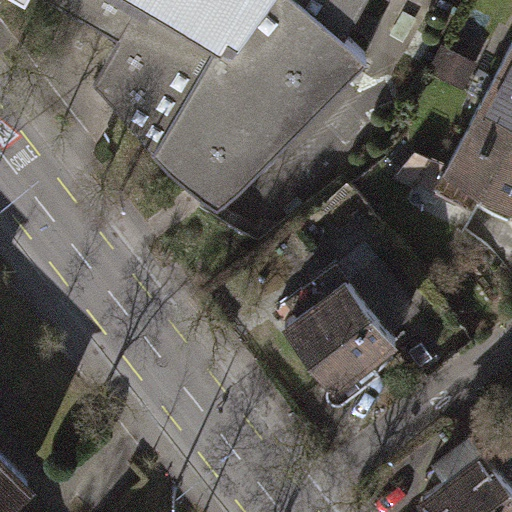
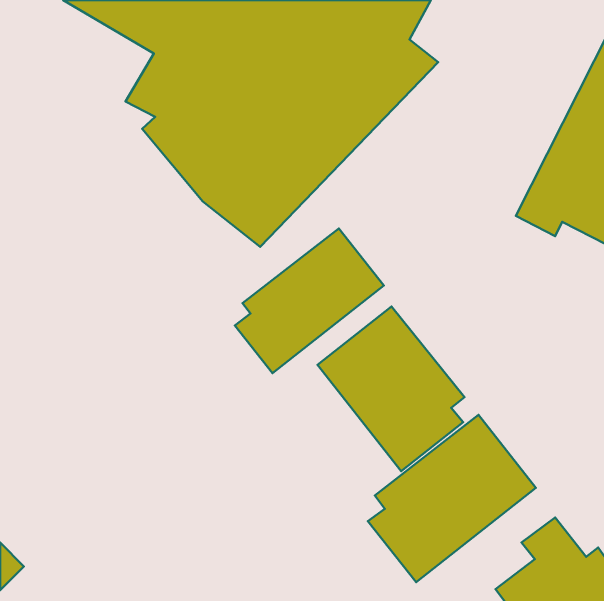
building: none -> [235,228,384,373]
building: none -> [368,415,536,582]

